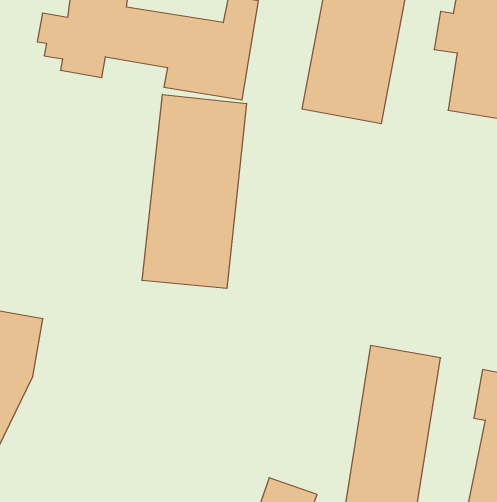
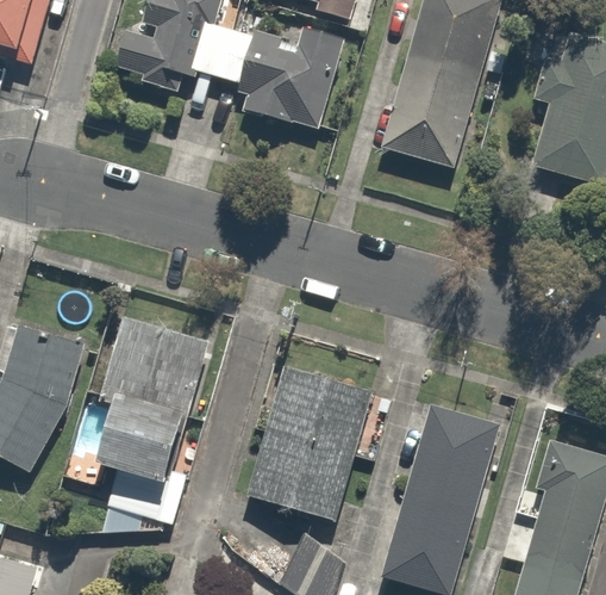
building: [142,94,247,288] -> none
building: none -> [87,315,199,521]
building: none -> [245,362,402,520]

